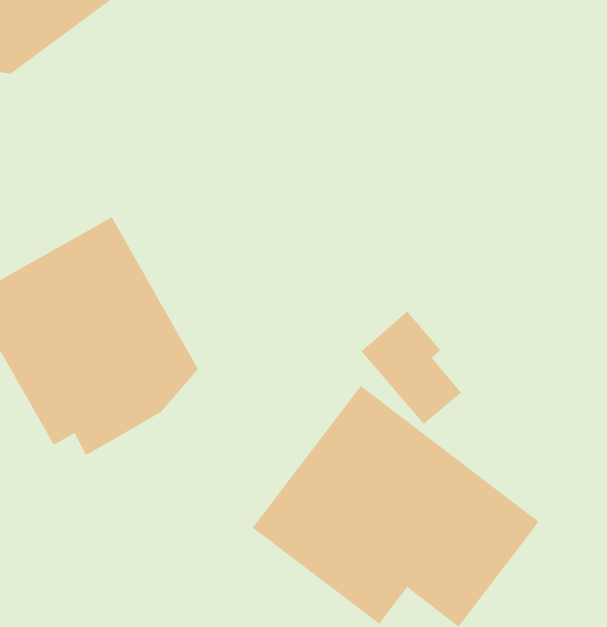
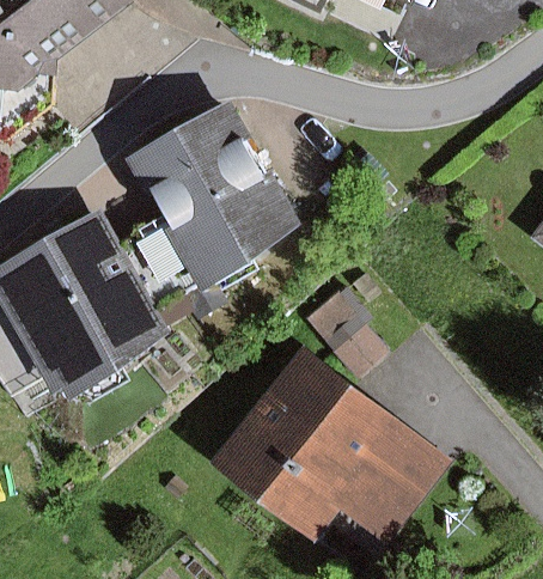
building: none -> [128,98,300,290]

